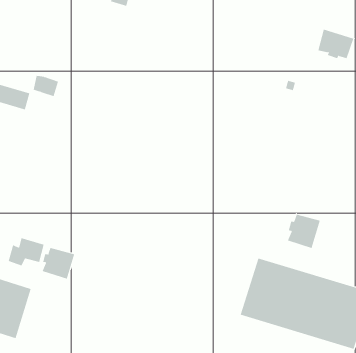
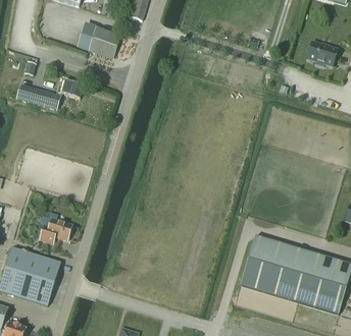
building: none -> [79,24,118,55]
building: [287,214,320,249] -> none
building: [42,247,75,280] -> none

